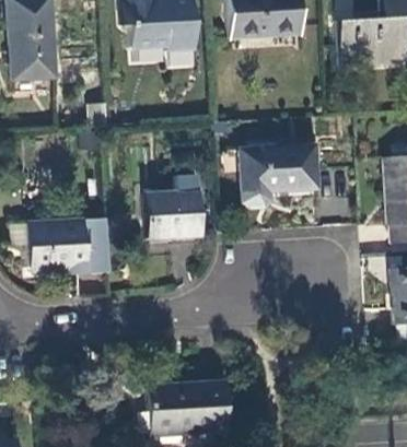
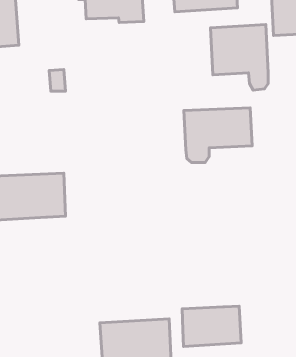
building: none -> [211,25,268,90]
building: [147,192,202,238] -> none
building: none -> [182,306,241,346]

